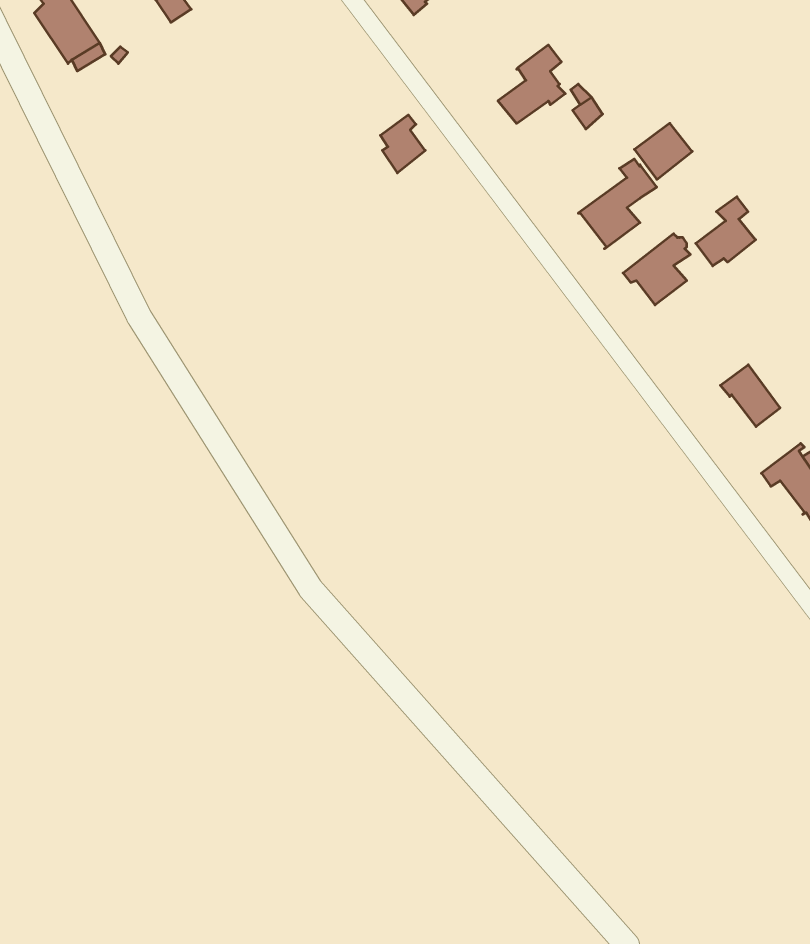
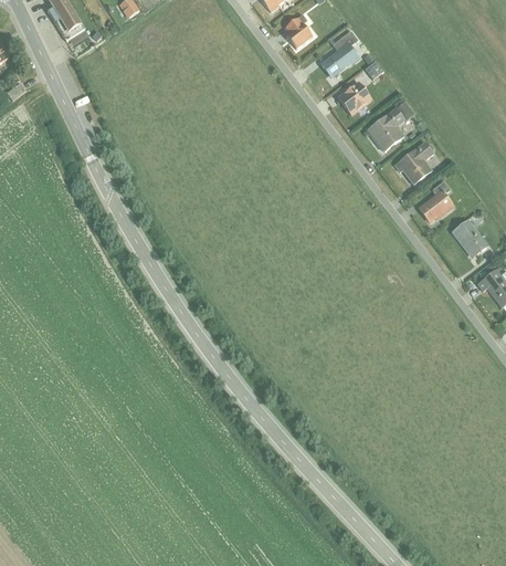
building: [380,115,425,173] -> [284,14,310,49]
building: [634,123,692,179] -> [336,82,370,115]
building: [696,197,756,266] -> [418,180,453,221]

